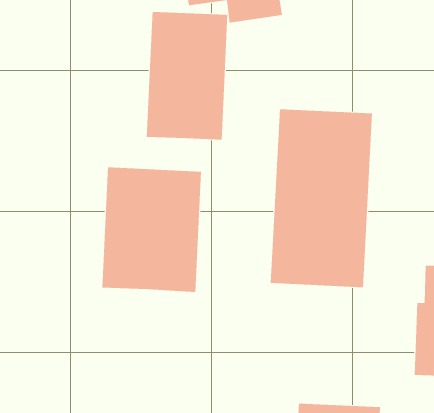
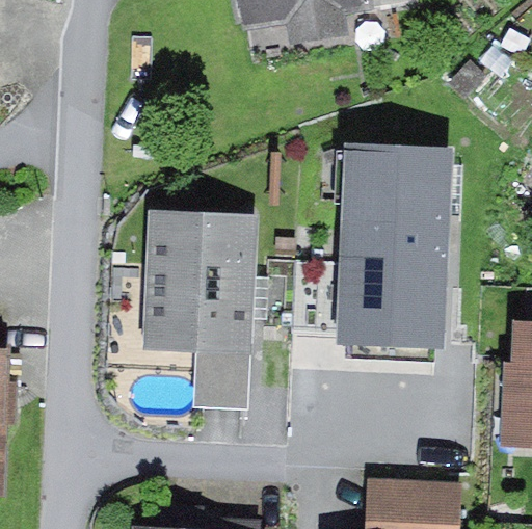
building: [146,11,228,141] -> none
building: none -> [191,349,250,412]

